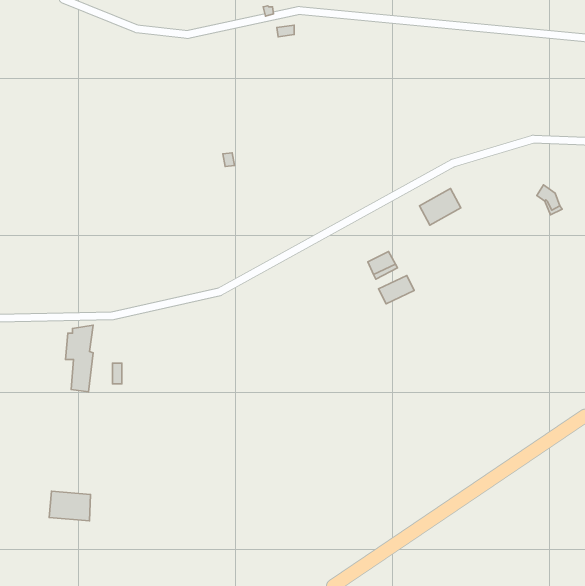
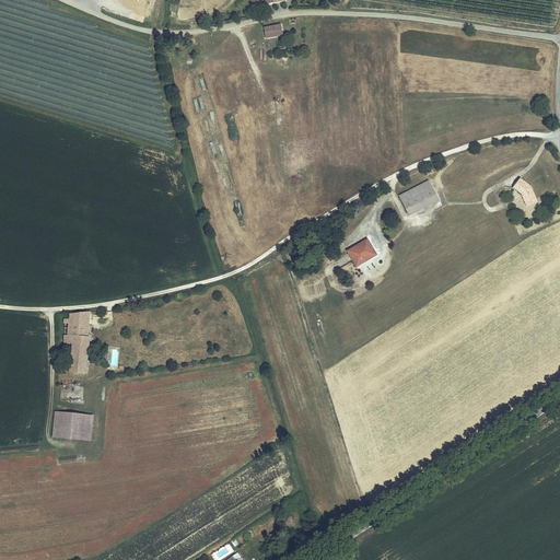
building: [378,276,414,304] -> none
building: [49,491,91,521] -> [51,412,91,441]

